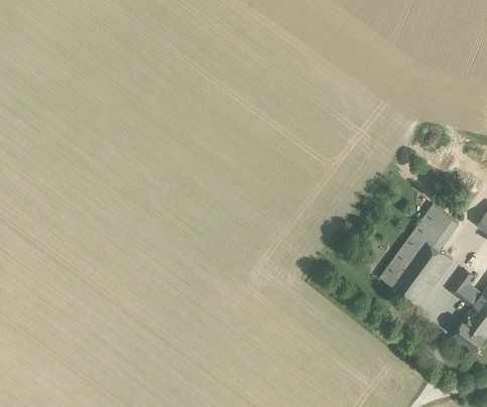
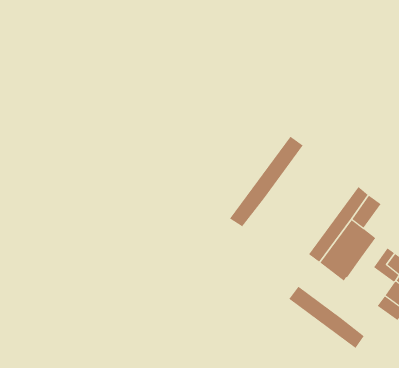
building: none -> [229,136,304,227]
building: none -> [289,286,364,349]

